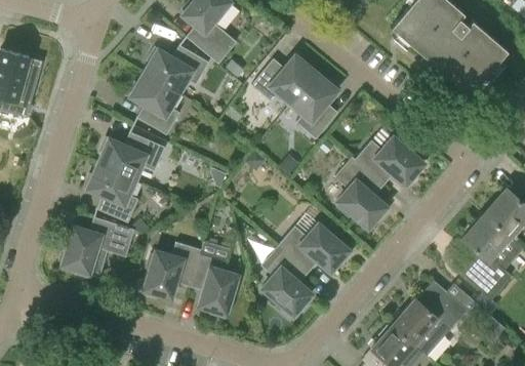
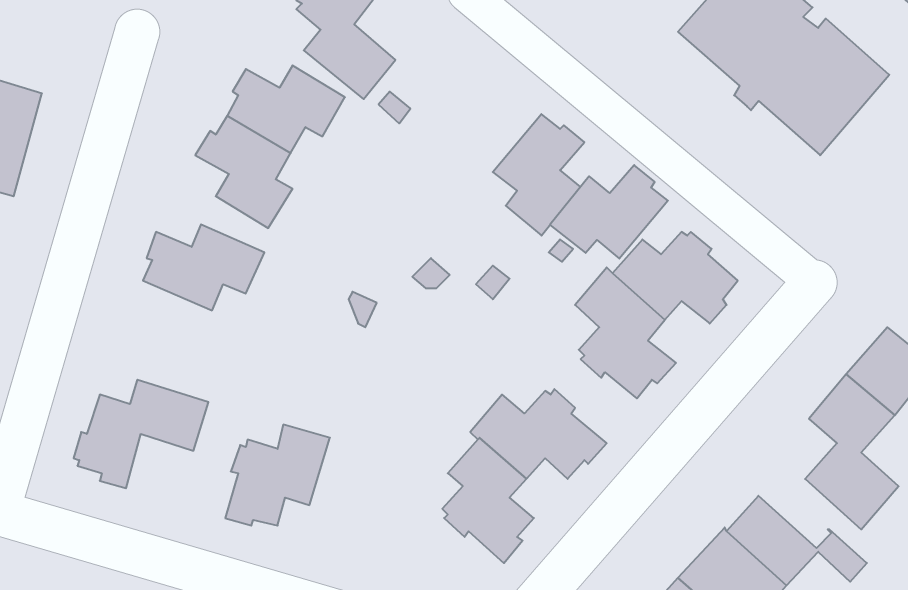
building: [251,52,316,104] -> [550,165,668,259]
building: [83,163,137,222] -> none
building: [189,249,240,318] -> none

